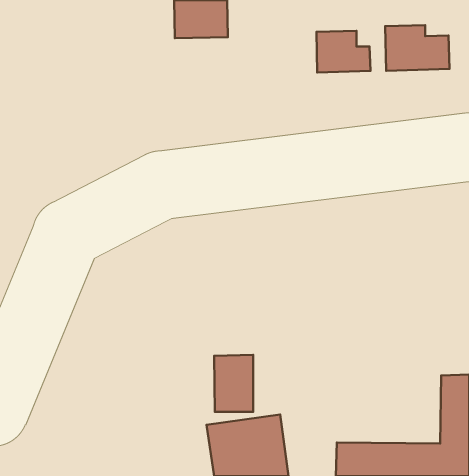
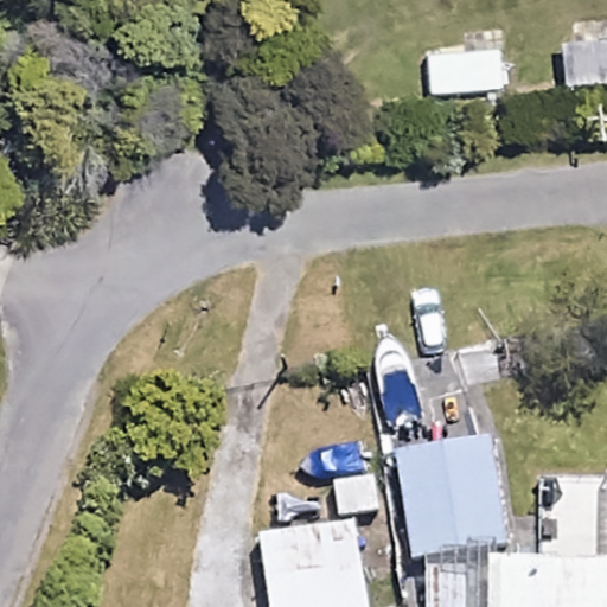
building: none -> [397,439,511,560]

